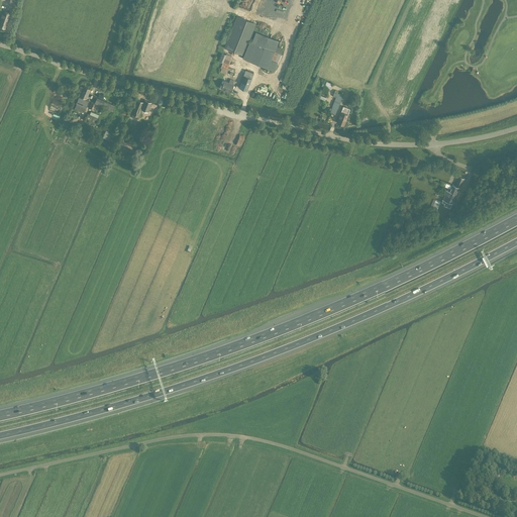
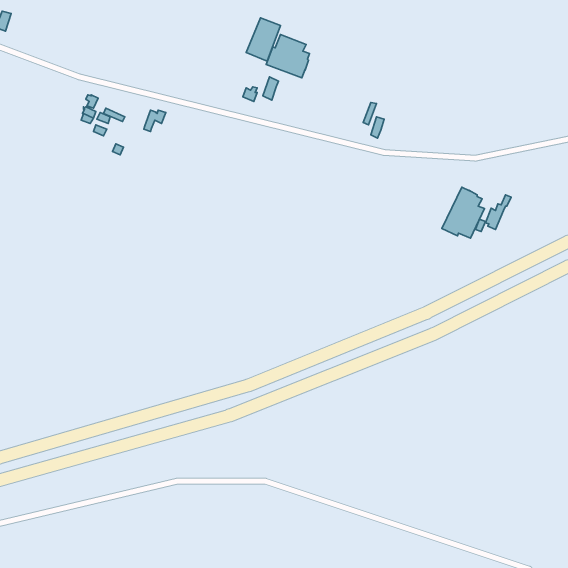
building: none -> [442,187,485,238]

